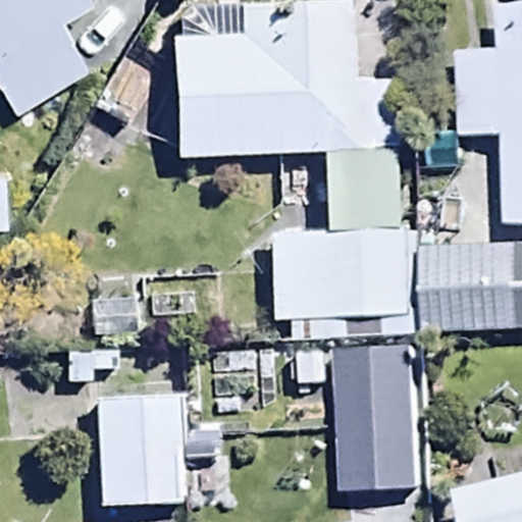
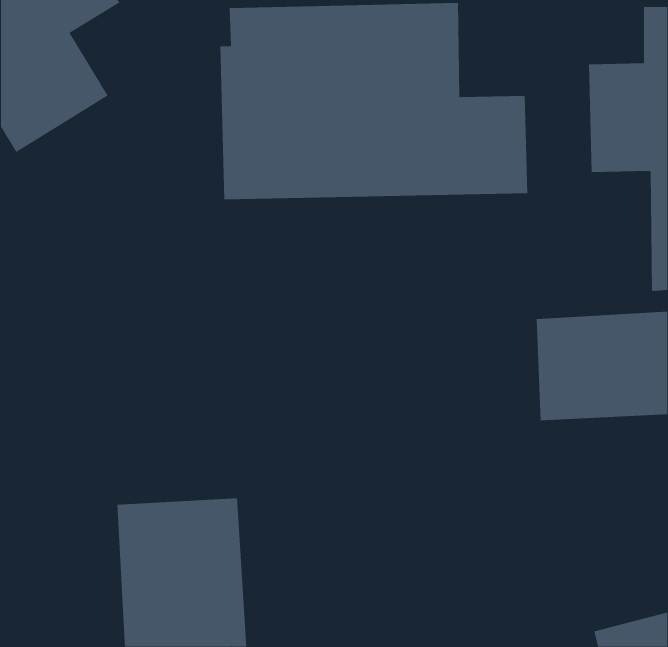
building: [265,226,417,335] -> none
building: [332,341,422,493] -> none

